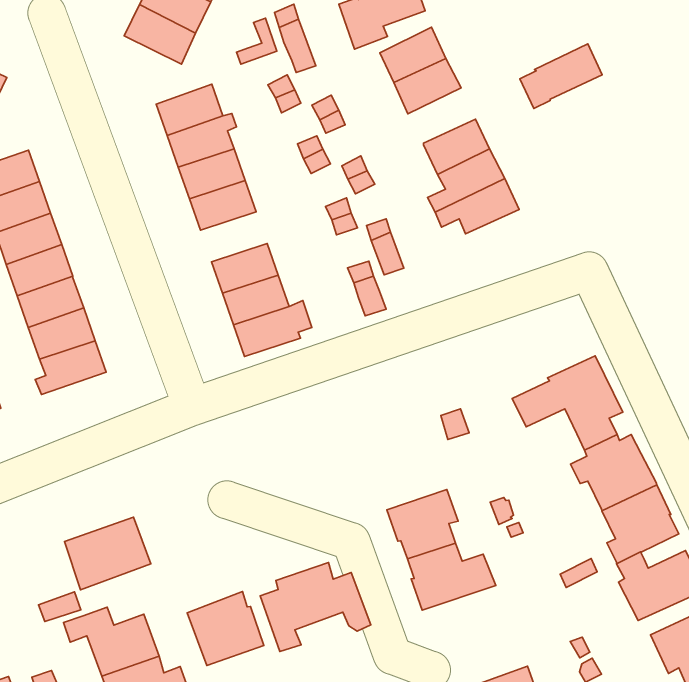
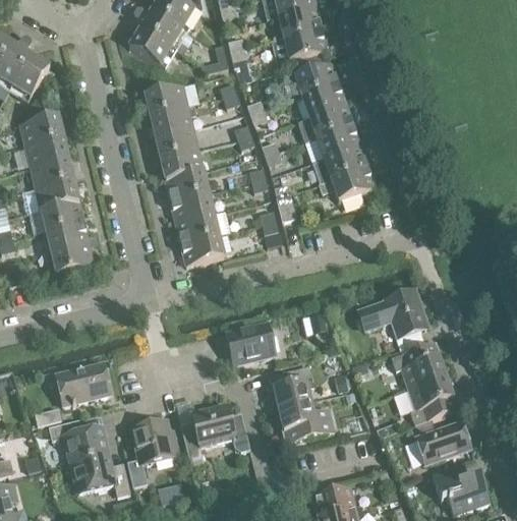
building: [520,44,602,108] -> [298,104,352,142]
building: none -> [165,171,208,200]
building: none -> [225,323,275,365]

